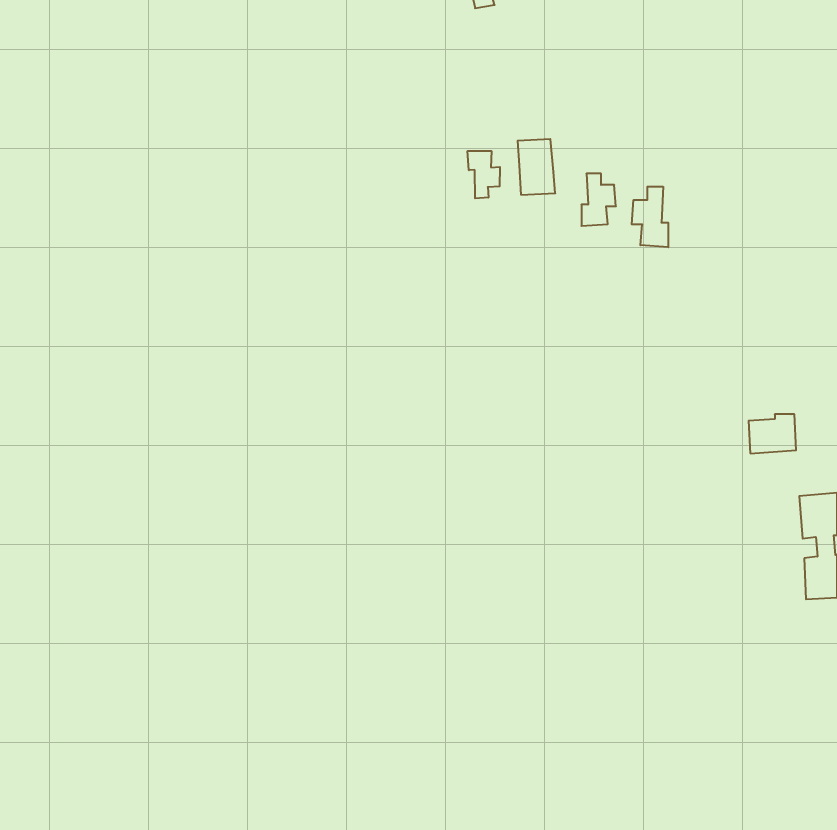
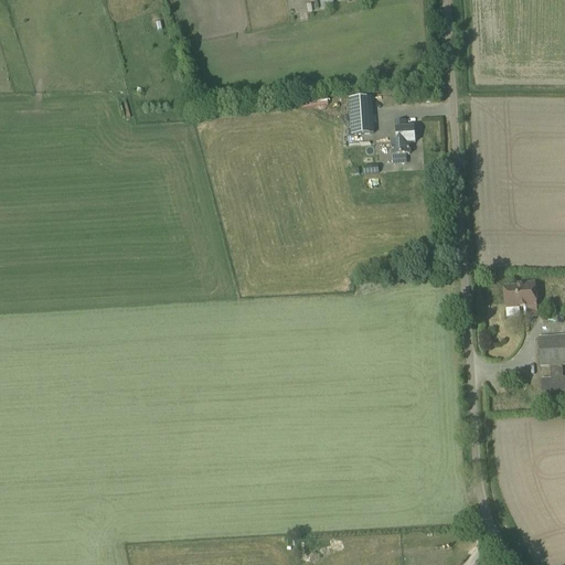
building: [468,151,500,198] -> none
building: [632,187,668,247] -> none

